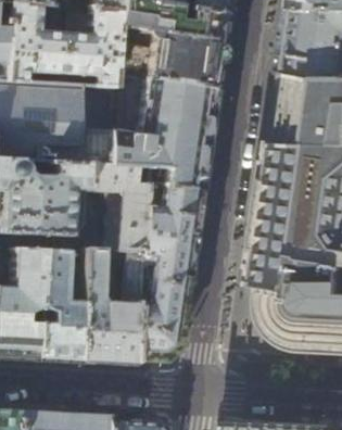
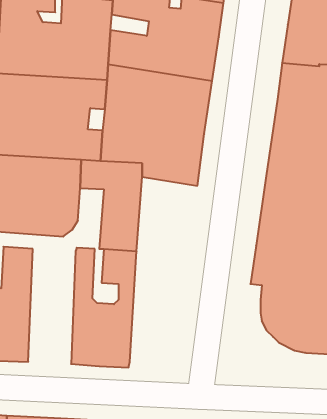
building: [138,181,203,361] -> none
building: [40,251,86,362] -> none

